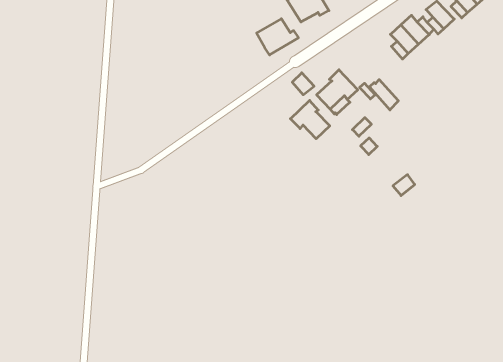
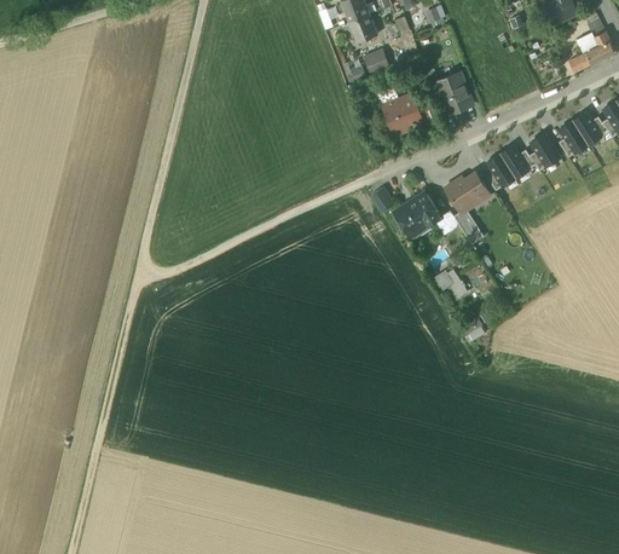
building: [257,19,298,55] -> none
building: none -> [445,171,486,212]
building: [290,100,330,139] -> none

